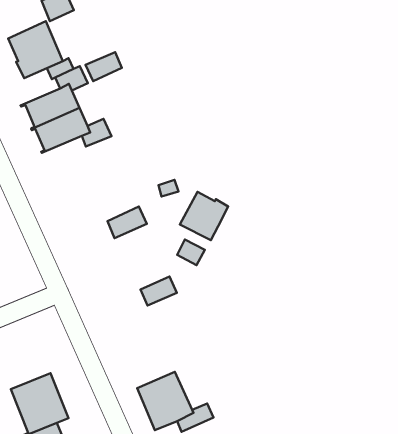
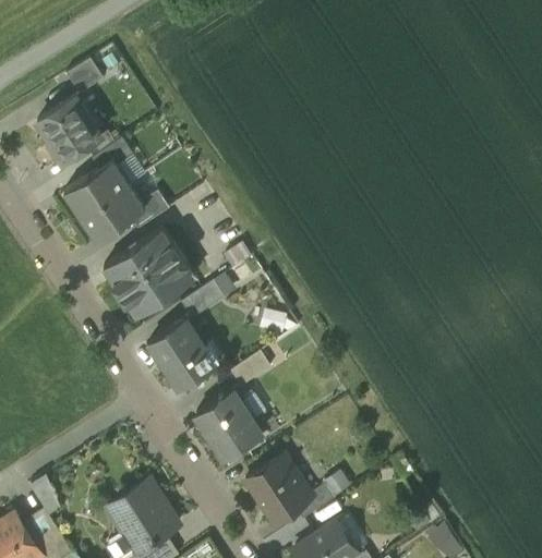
building: [86,52,122,81] -> none
building: none -> [104,230,194,317]
building: [180,192,228,240] -> none
building: none -> [148,319,216,389]
building: none -> [196,391,262,459]

